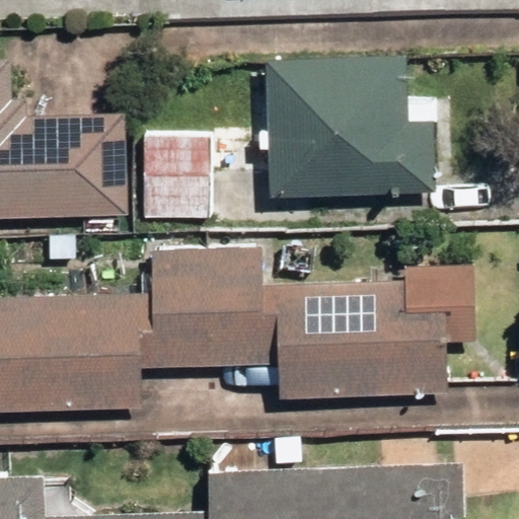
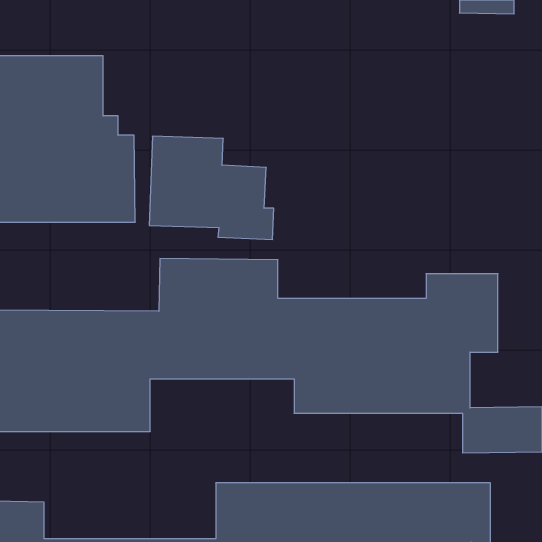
building: [267,56,431,196] -> none

